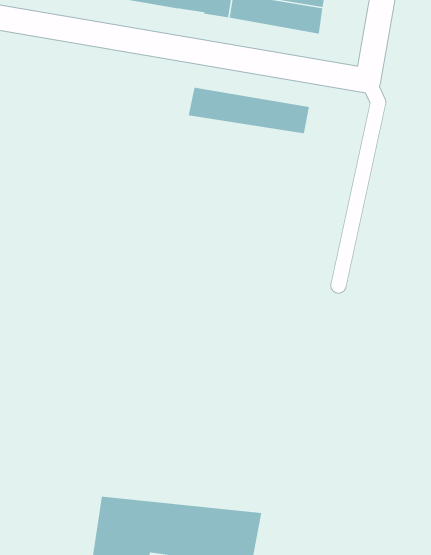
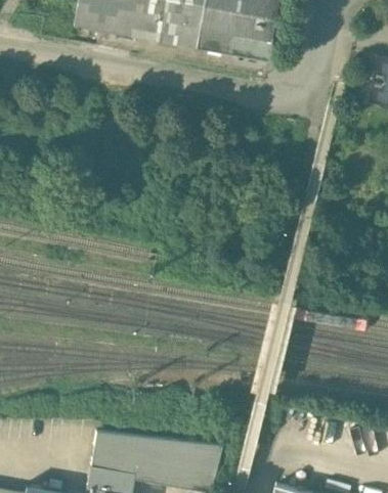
building: [188,87,310,134] -> none

